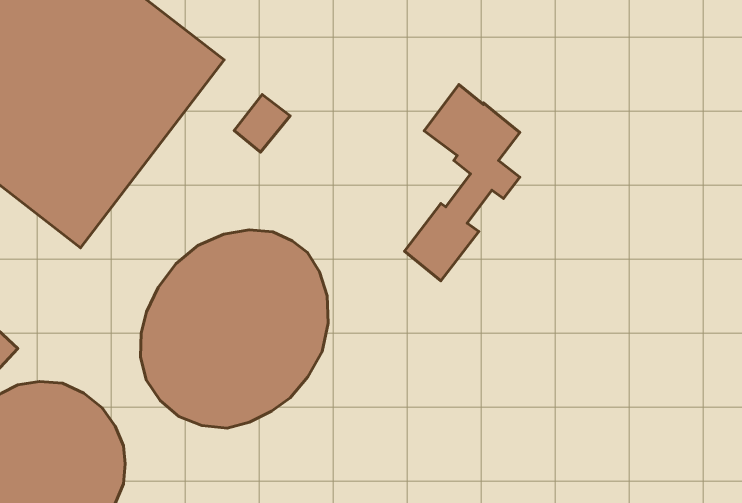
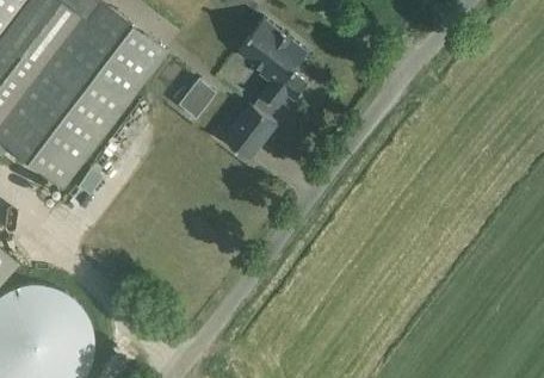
building: [404,85,520,281] -> [224,19,308,161]
building: [140,230,328,428] -> none

